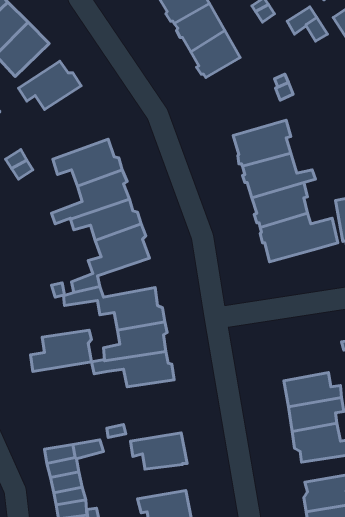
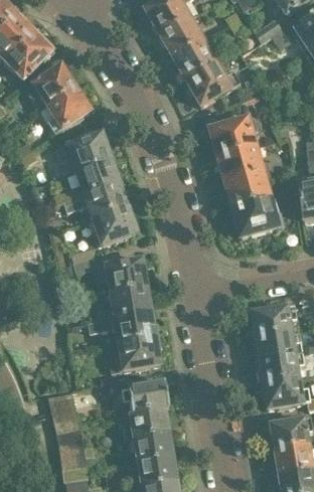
building: none -> [185,60,240,104]
building: none -> [40,85,90,131]
building: [30,330,92,371] -> [108,335,160,370]
building: none -> [249,304,296,336]
building: none -> [126,407,168,437]

